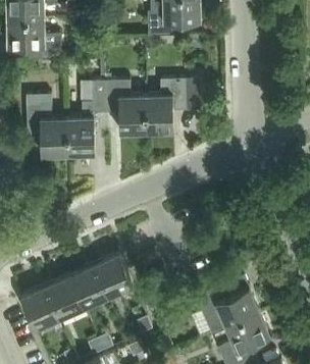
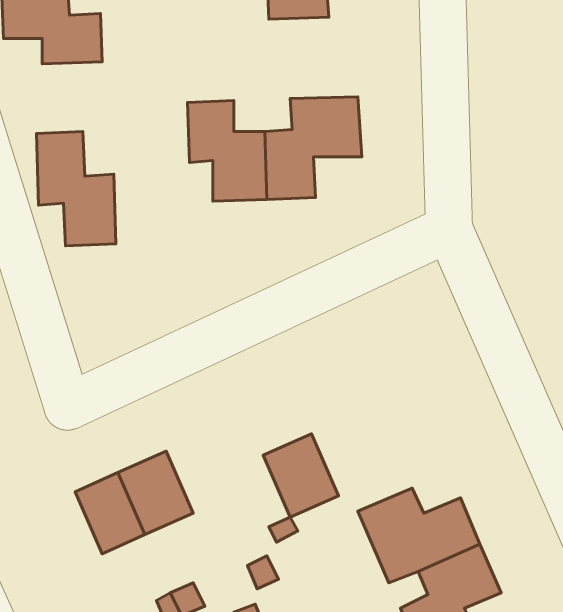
building: [66,82,106,156] -> none
building: [94,254,134,298] -> [263,434,339,517]
building: [20,287,60,330] -> none

